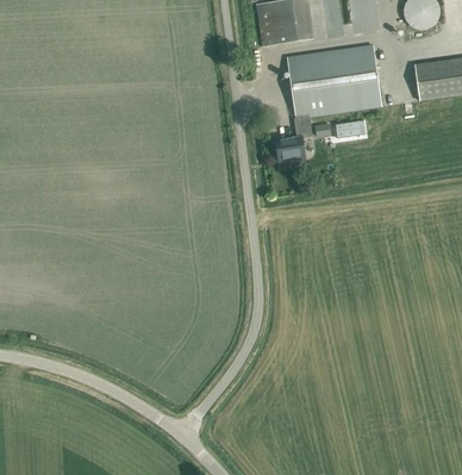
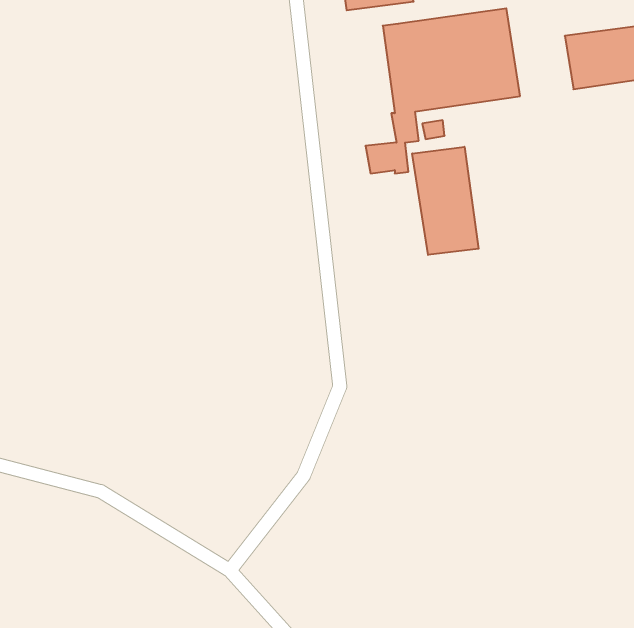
building: none -> [412,147,479,255]

